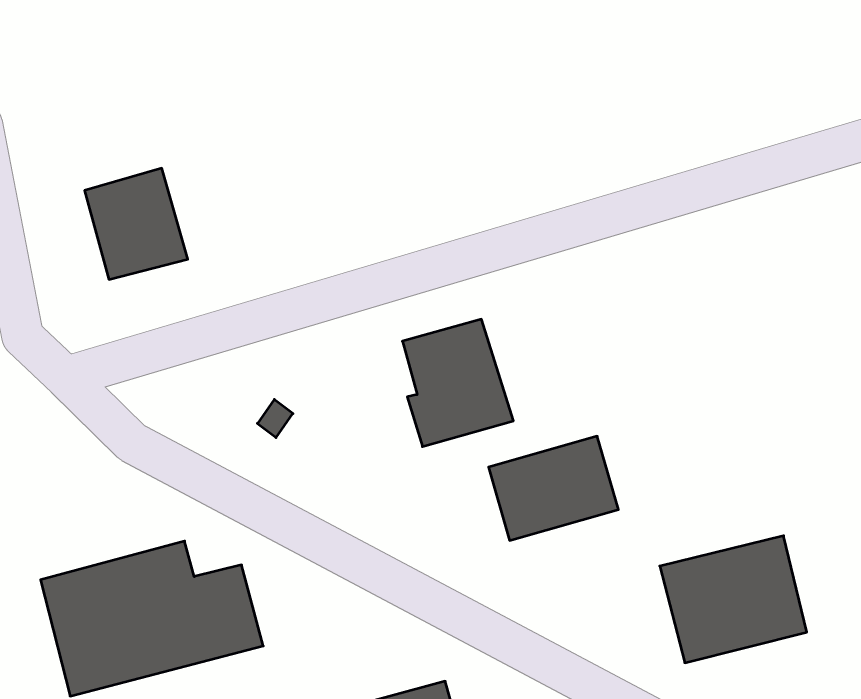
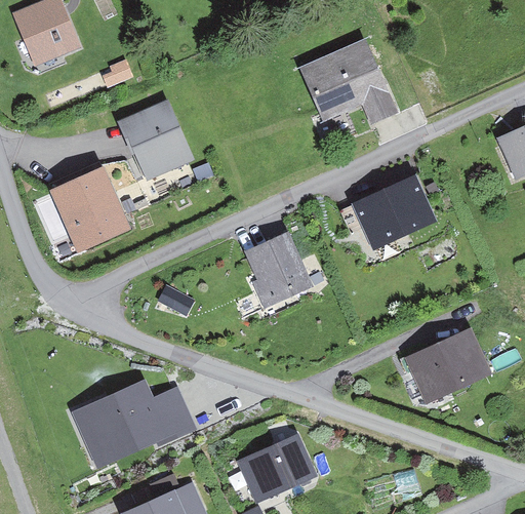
building: none -> [304,50,396,124]
building: none -> [128,111,194,179]
building: [489,436,618,540] -> [358,181,432,244]

